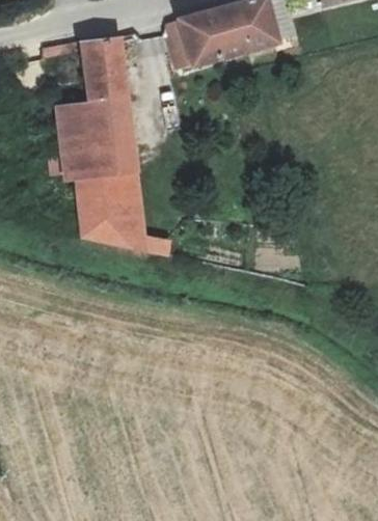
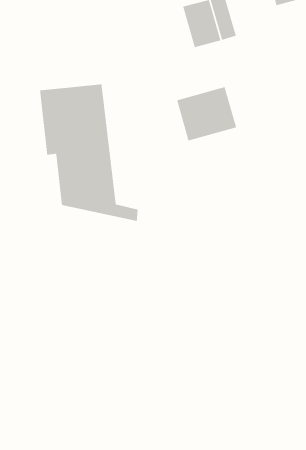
building: [163,8,233,72] -> [176,86,237,142]
building: [79,36,128,101] -> none

